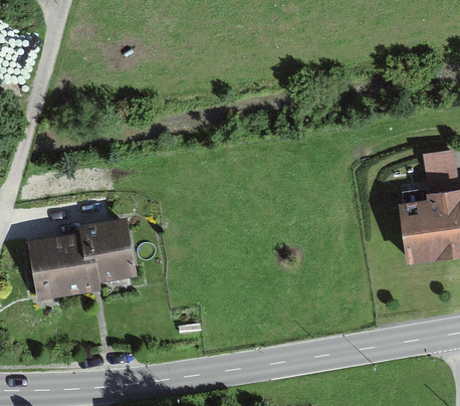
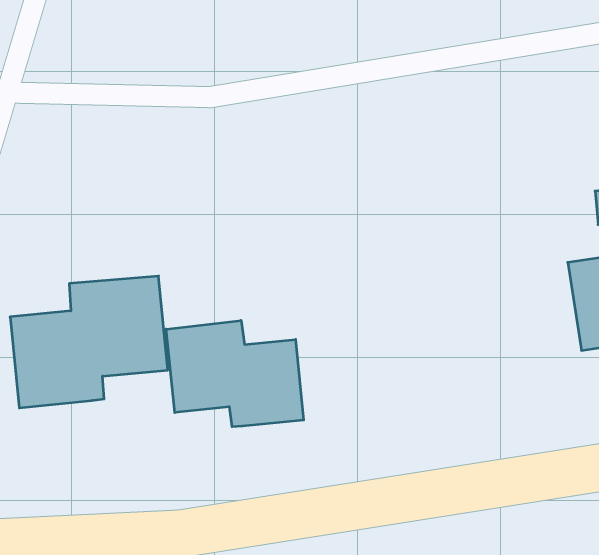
building: none -> [166,320,304,427]

